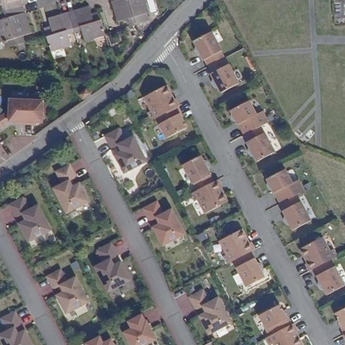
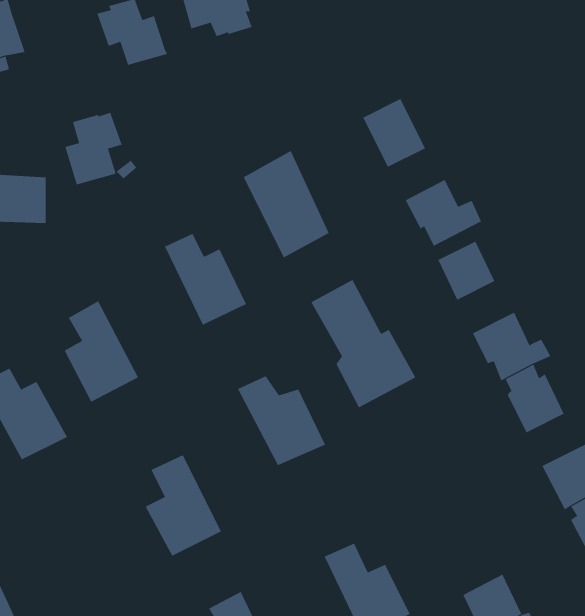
building: [43,12,73,50] -> [65,112,122,185]
building: [192,30,225,66] -> none
building: [217,227,266,290] -> none
building: [42,266,91,316] -> none

